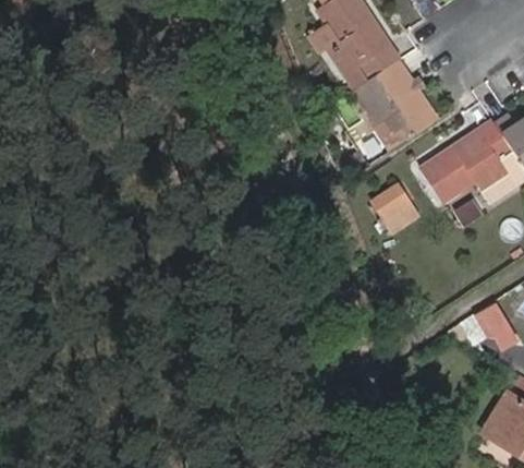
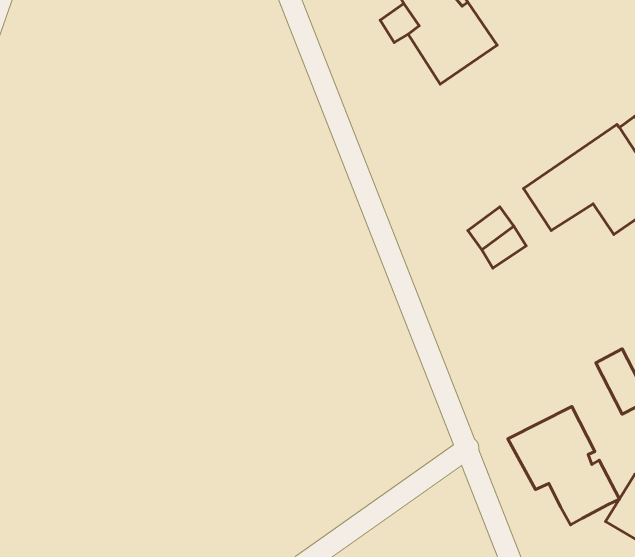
building: [351,57,438,149] -> none
building: none -> [508,406,619,525]

